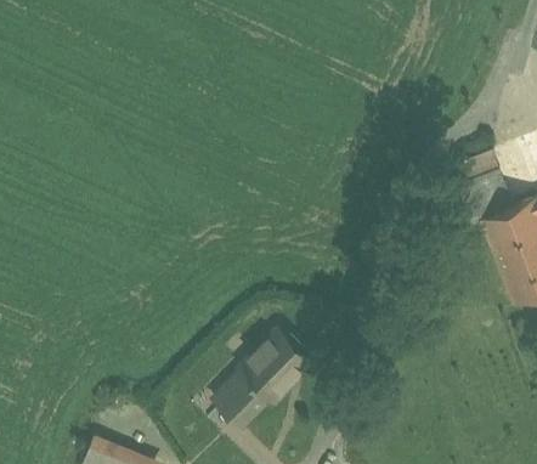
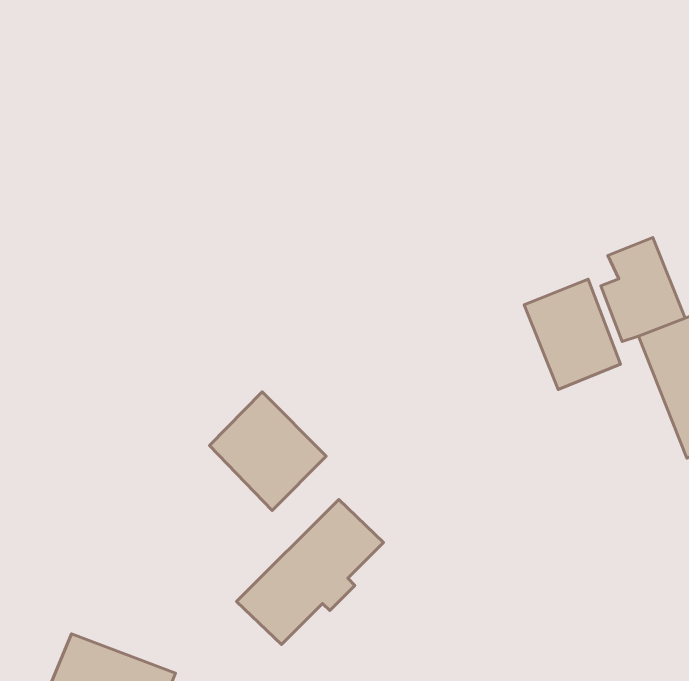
building: none -> [524,279,620,390]
building: none -> [210,392,326,511]

